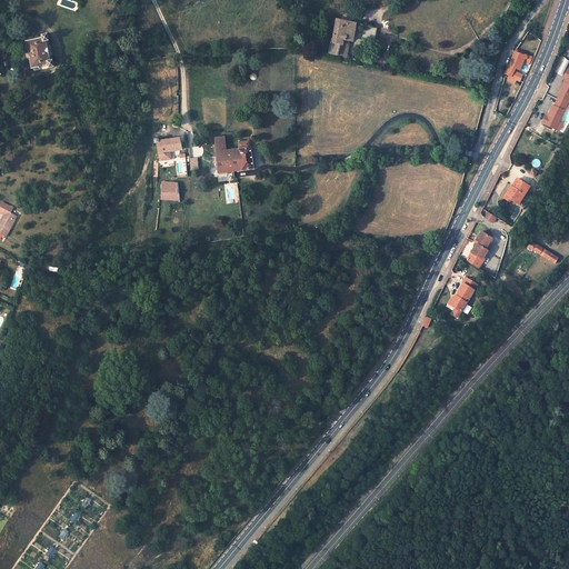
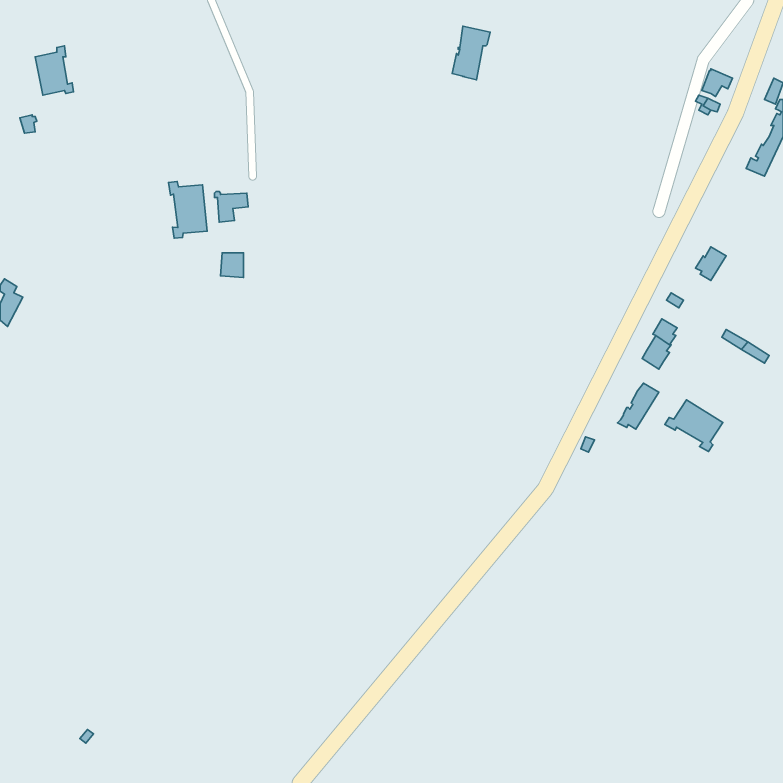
building: none -> [168,182,207,238]
building: [214,137,253,173] -> none
building: none -> [665,400,723,452]

